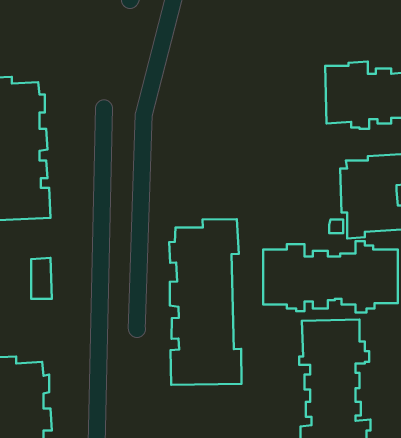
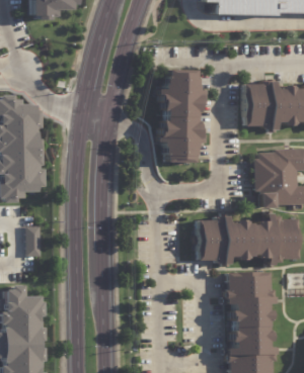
building: none -> [158,70,208,164]
building: [169,219,241,385] -> none

